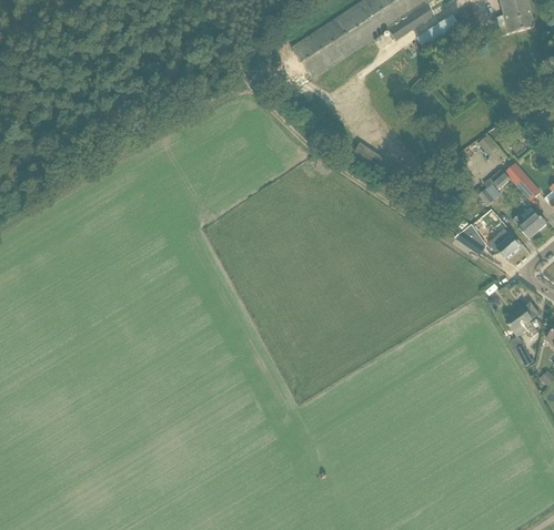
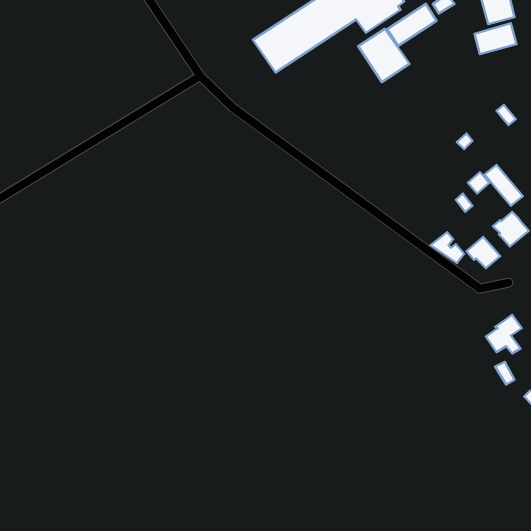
building: none -> [475,23,517,54]
building: none -> [358,29,409,82]

